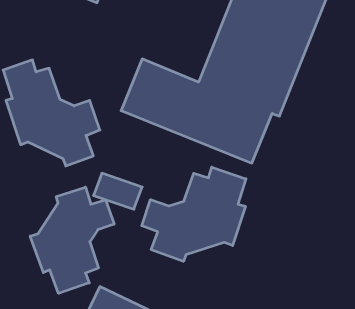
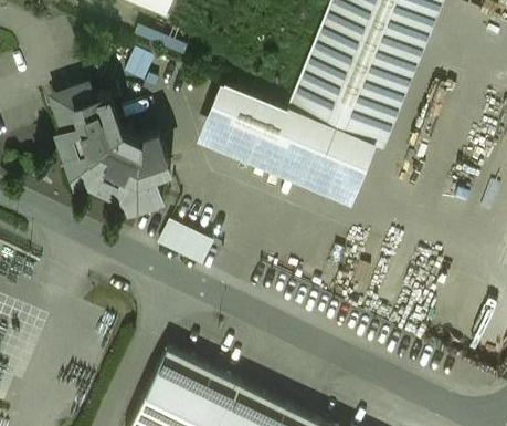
building: [142,167,246,261] -> none
building: [30,187,114,293] -> none

